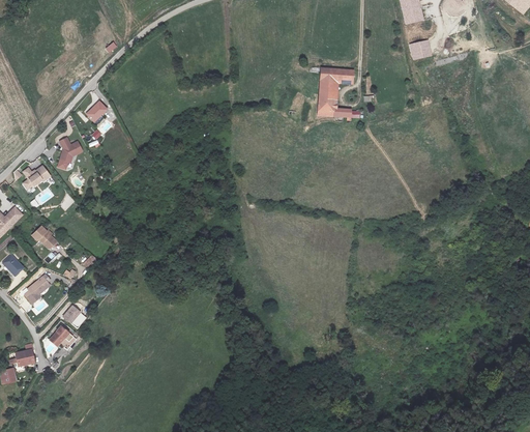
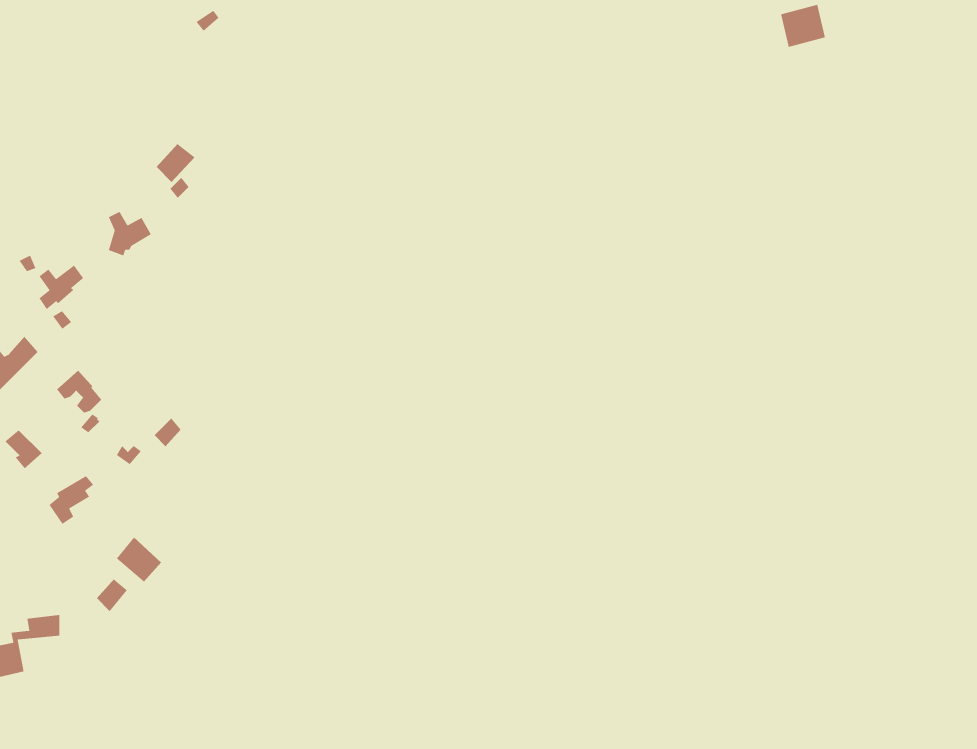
building: [315,67,348,117] -> none

